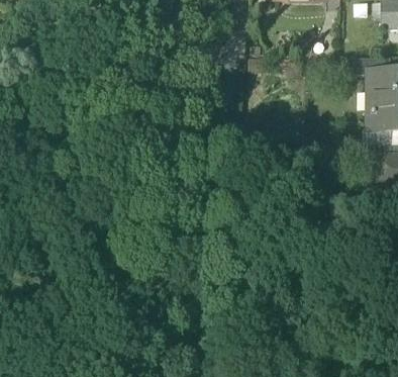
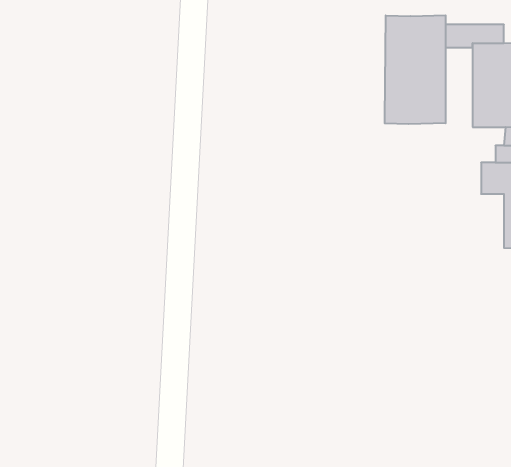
building: none -> [385,15,446,124]

